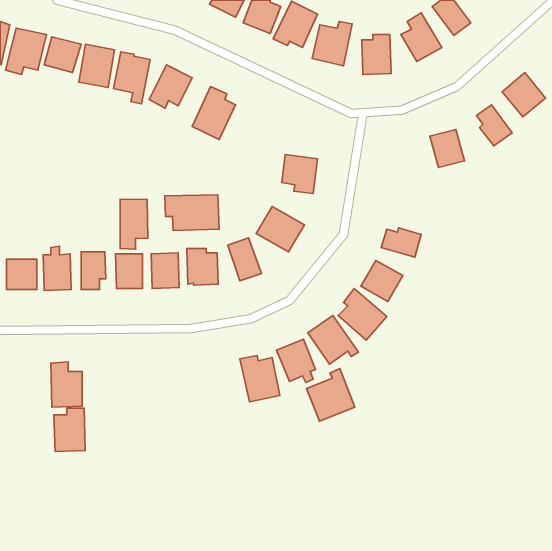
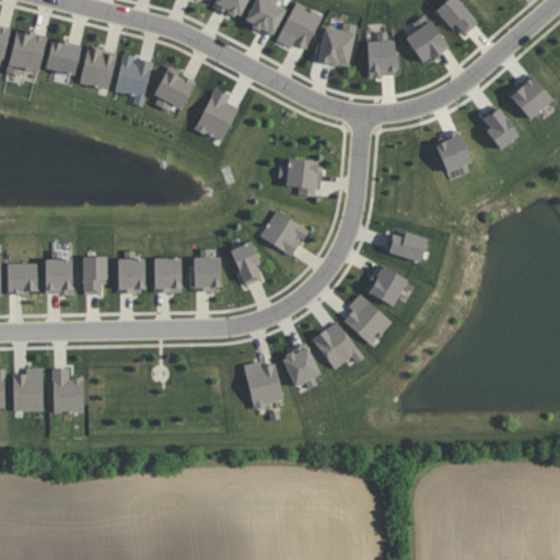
building: [165,195,219,230] -> none
building: [120,199,148,249] -> none
building: [306,368,355,421] -> none
building: [54,408,85,452] -> [12,368,44,411]

